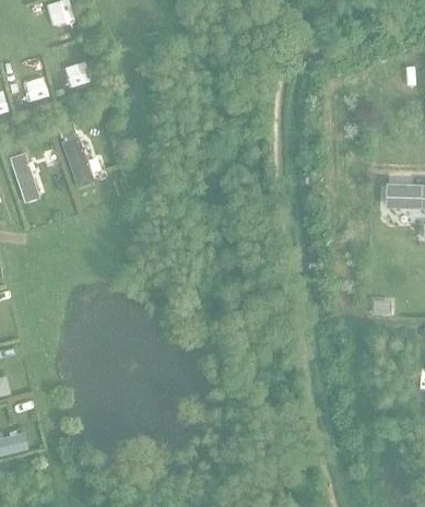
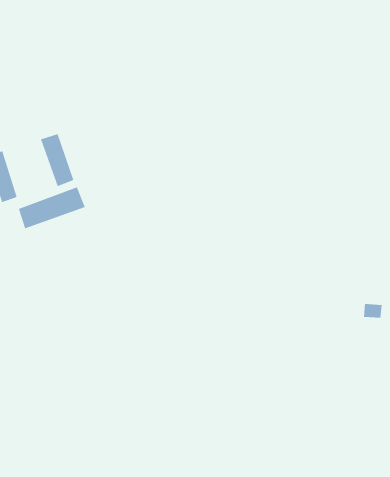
building: none -> [18,186,86,229]

